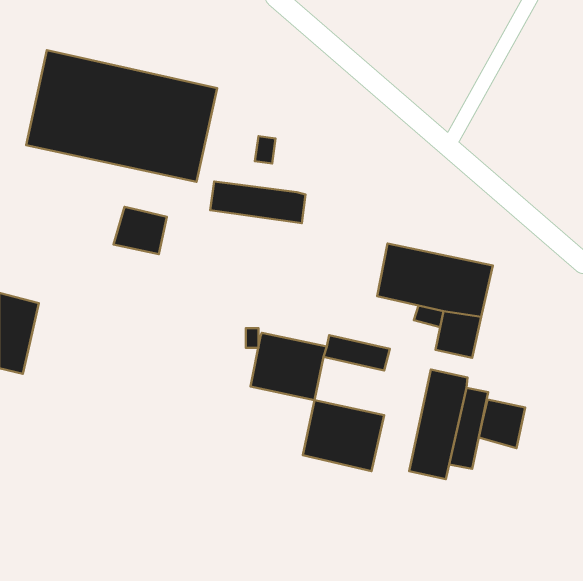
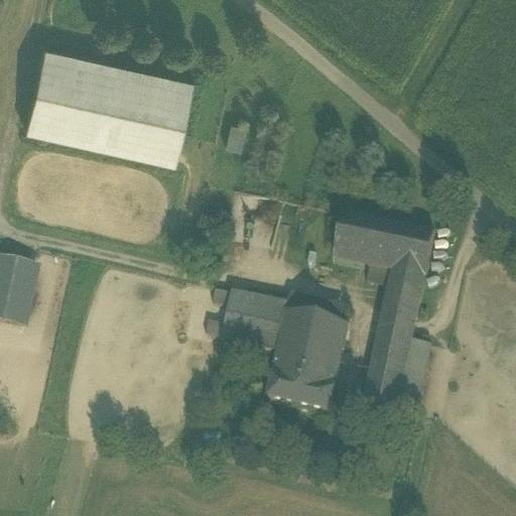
building: [210,181,306,223] -> none
building: [113,207,167,254] -> none
building: none -> [380,308,416,333]
building: none -> [277,314,347,366]
building: [479,399,525,448] -> none

